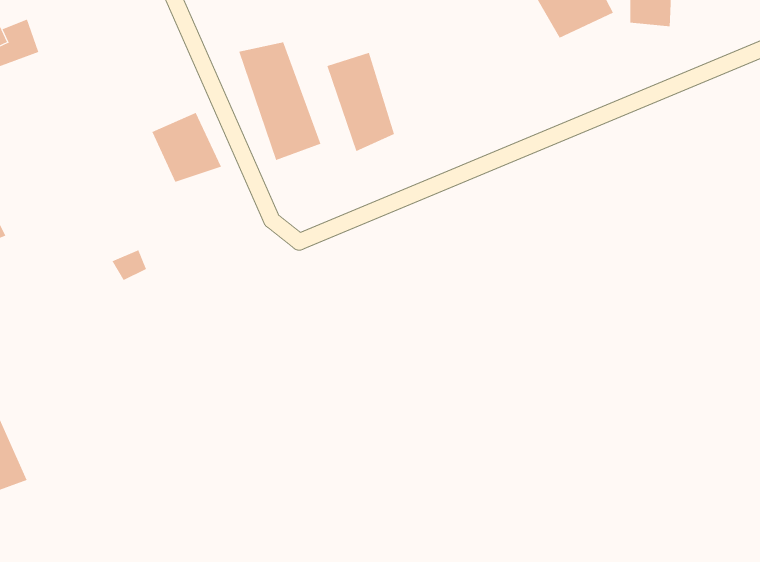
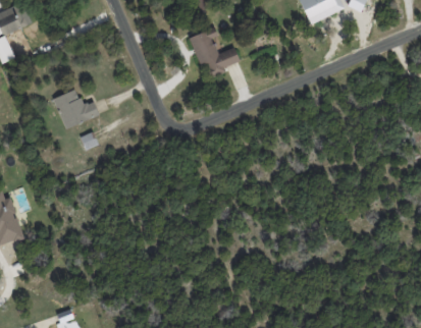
building: [239,41,321,161] -> none
building: [151,112,222,183] -> [52,89,89,125]

